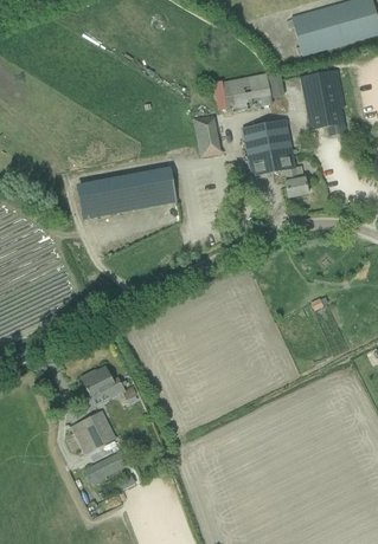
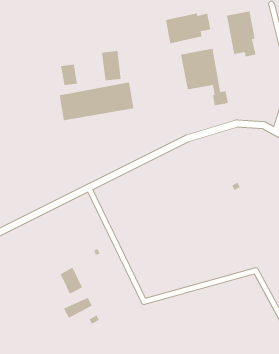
building: [194,115,222,155] -> [101,51,122,81]
building: none -> [61,64,78,86]
building: [82,367,123,397] -> none

